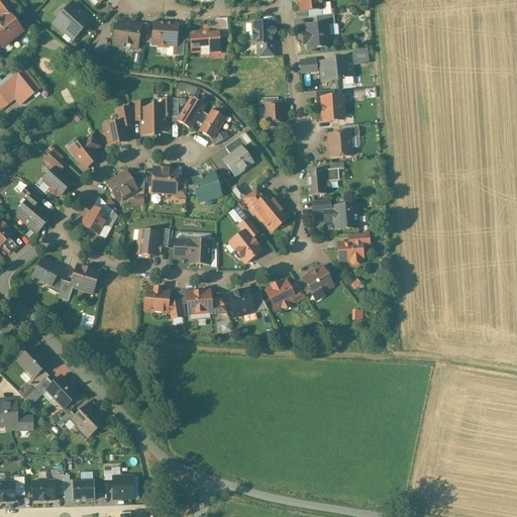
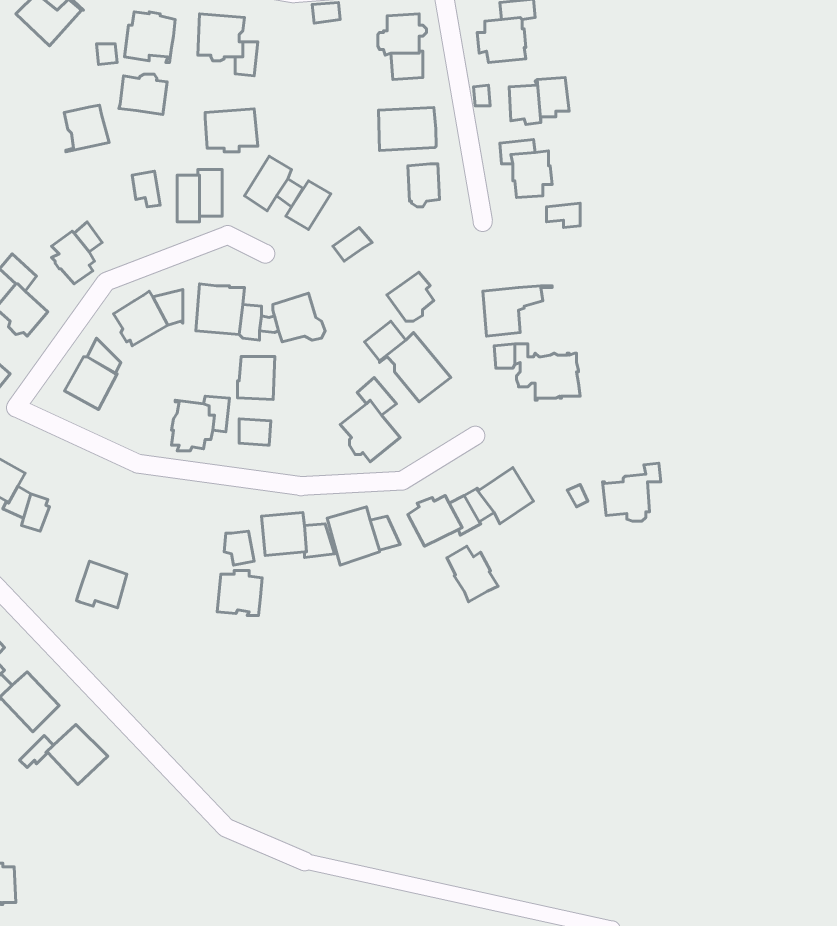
building: [190,29,218,53] -> [205,109,258,152]
building: none -> [119,74,167,115]
building: none -> [379,107,436,150]
building: [104,120,128,145] -> [64,105,109,152]
building: [328,132,350,157] -> none
building: [223,147,248,174] -> [387,272,434,321]
building: [336,232,368,264] -> [603,463,661,521]
building: [189,240,209,264] -> [237,357,275,400]
building: [70,265,97,290] -> [76,561,127,608]
building: [143,287,168,311] -> [217,570,262,615]
building: none -> [447,546,498,602]
building: [112,476,131,499] -> none
building: [71,479,94,500] -> none

